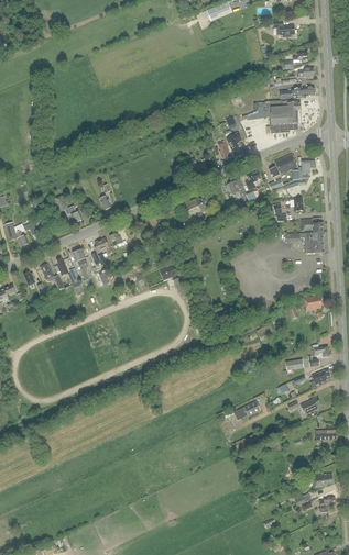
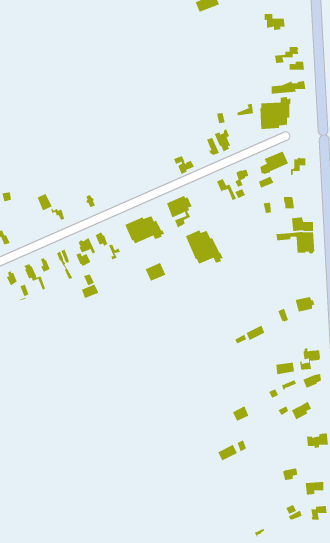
building: none -> [125,216,165,244]
building: none -> [185,230,224,265]

